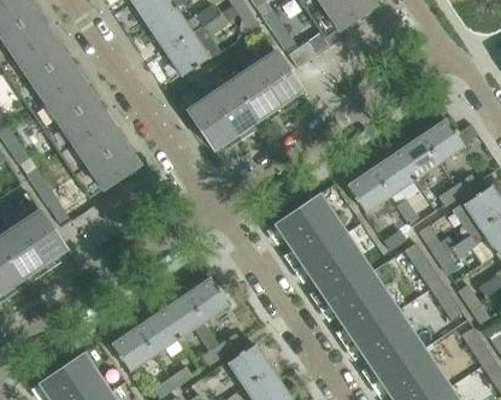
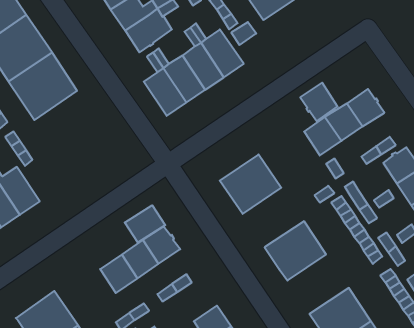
building: [60,120,140,198] -> none
building: [347,167,390,212] -> [300,83,338,121]
building: [301,233,372,301] -> none
building: none -> [125,205,165,242]
building: [353,310,424,378] -> none
building: [112,327,154,370] -> none
building: [228,343,271,387] -> none

